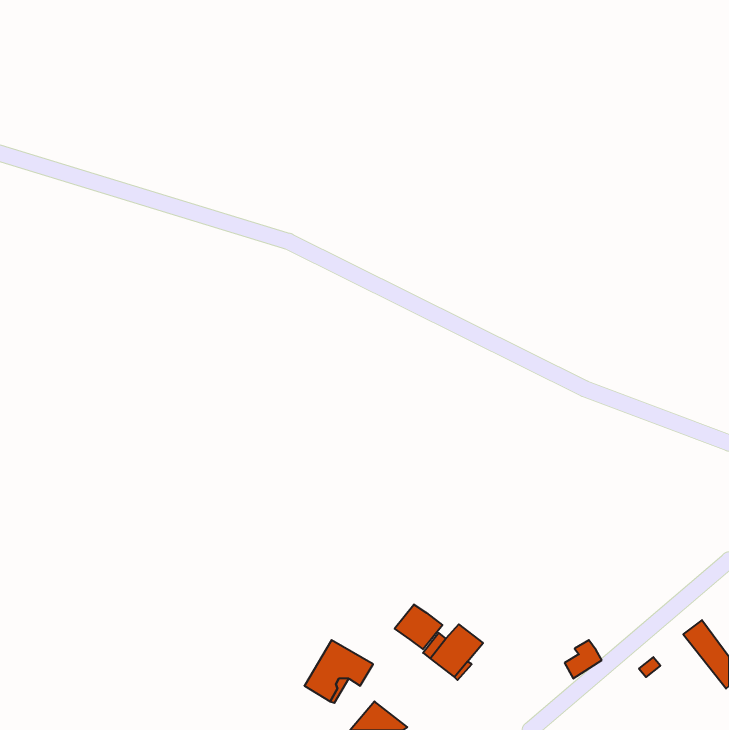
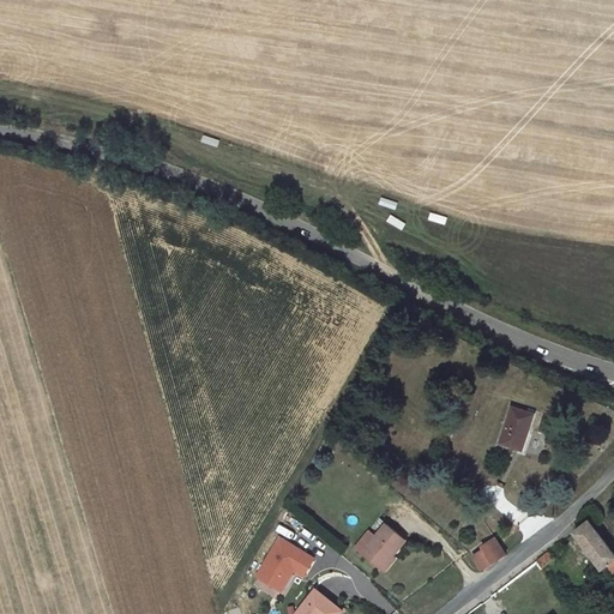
building: none -> [499,407,534,449]
building: [395,604,442,649] -> none

